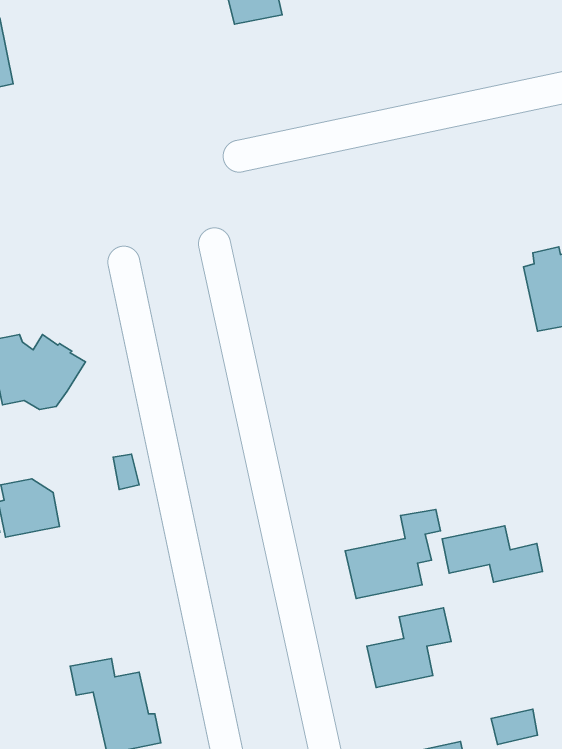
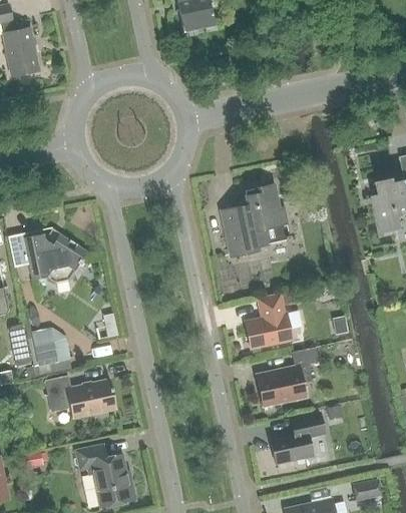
building: none -> [222,184,289,256]
building: none -> [245,294,292,349]
building: [442,526,542,582] -> none
building: none -> [44,376,116,418]

